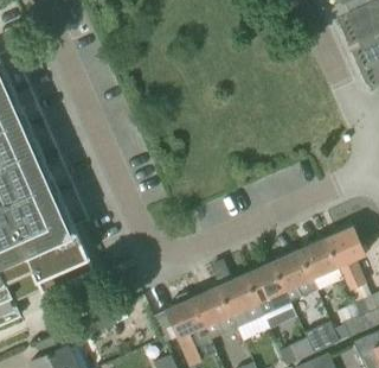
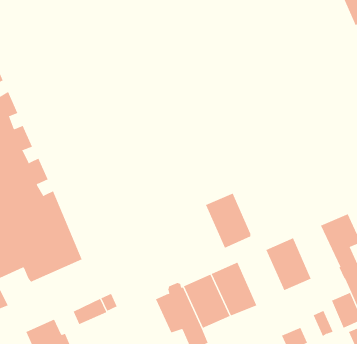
building: [298,237,343,290] -> none
building: [244,261,289,316] -> [205,193,251,249]

